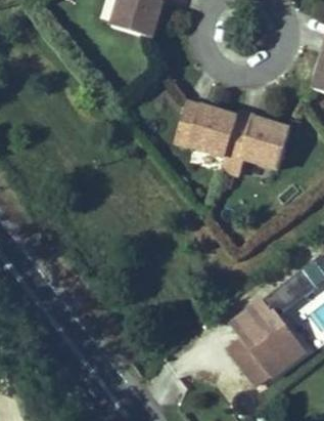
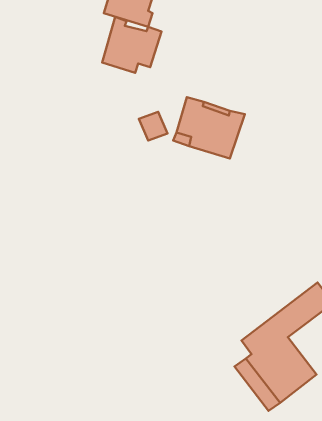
building: none -> [102,17,162,73]
building: [222,110,290,173] -> none

